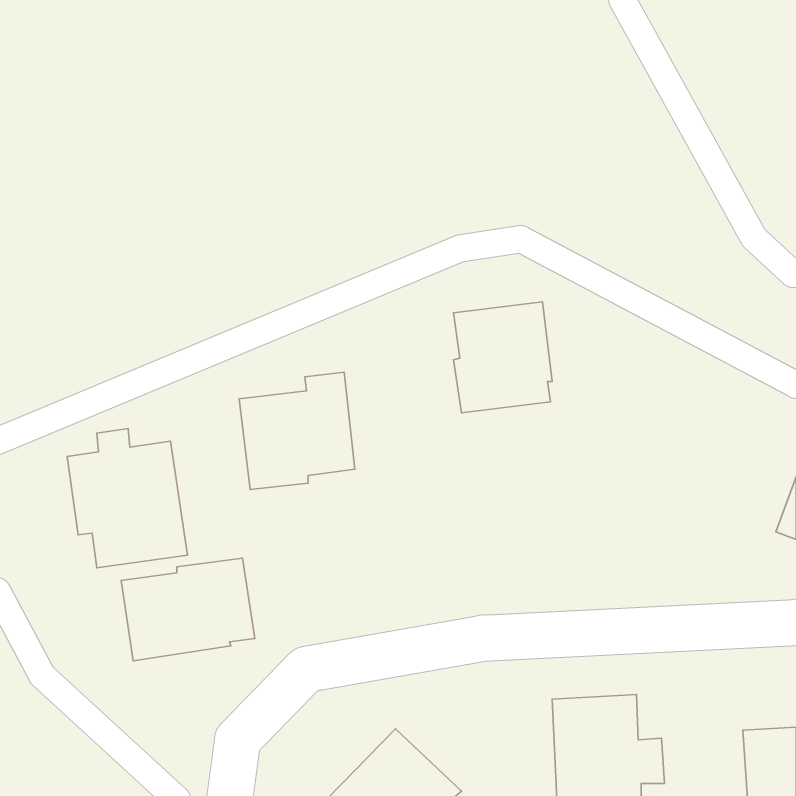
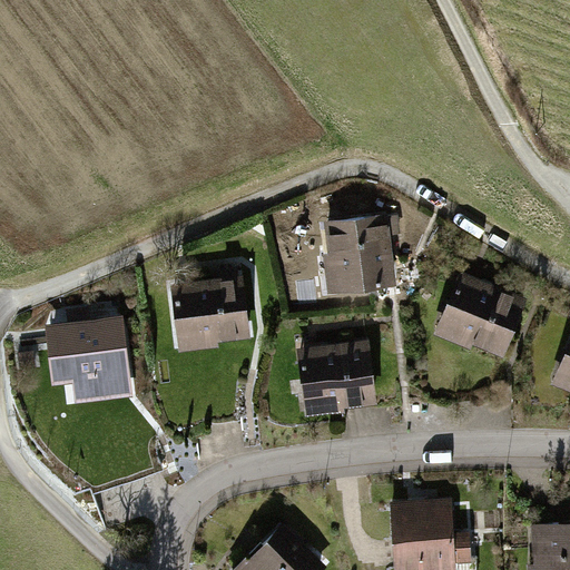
building: none -> [432,272,527,355]
building: none -> [297,341,380,415]
building: [121,558,255,661] -> none

